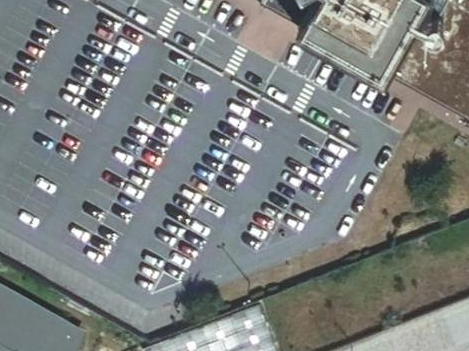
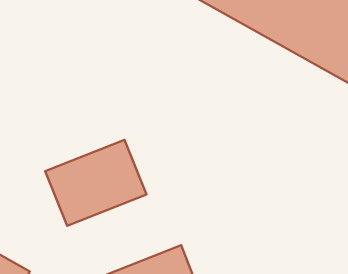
building: none -> [45,140,147,226]

